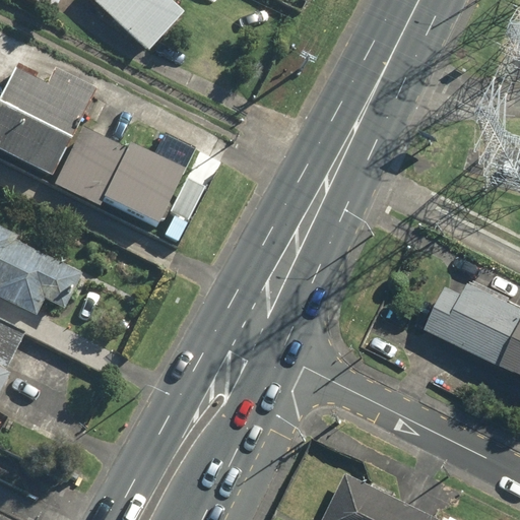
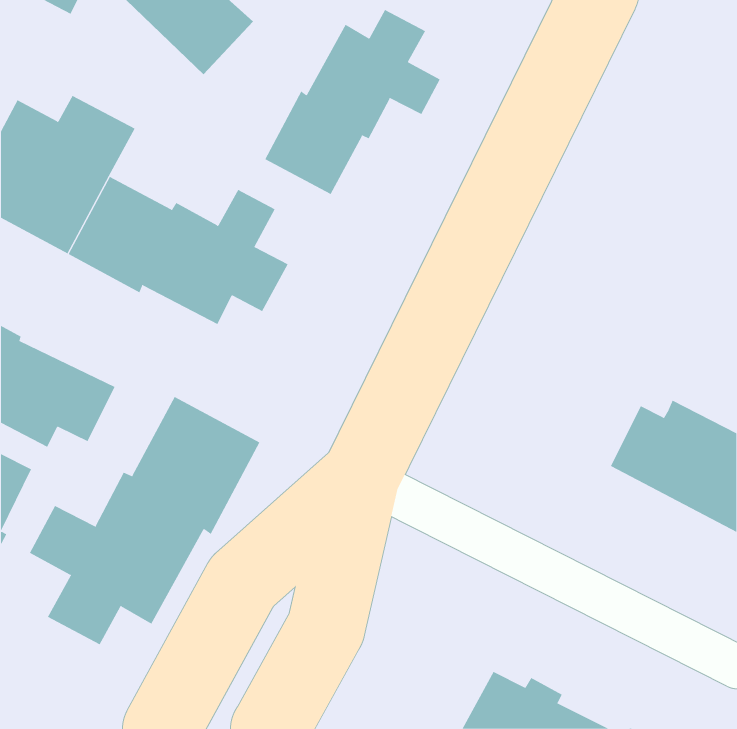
building: none -> [264,9,440,195]
building: none -> [29,396,260,645]

